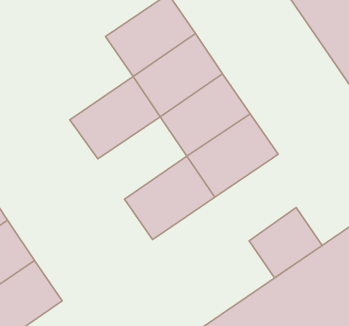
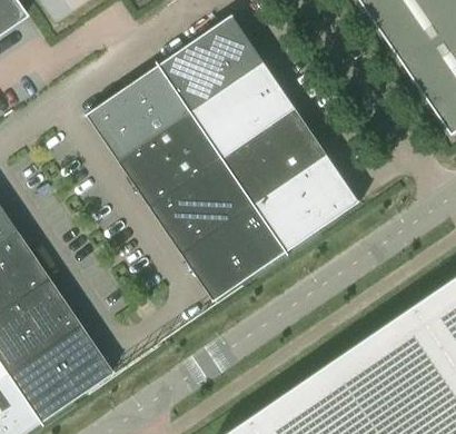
building: none -> [87,66,192,162]
building: none -> [151,159,255,255]
building: [249,208,322,278] -> none

